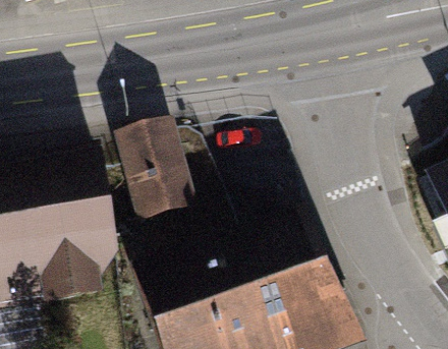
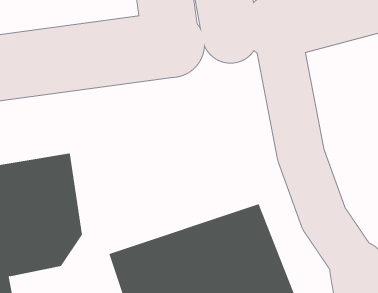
building: [123,126,190,218] -> none

